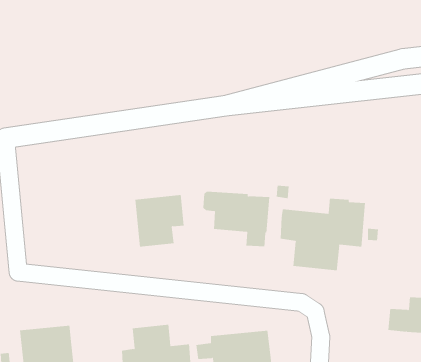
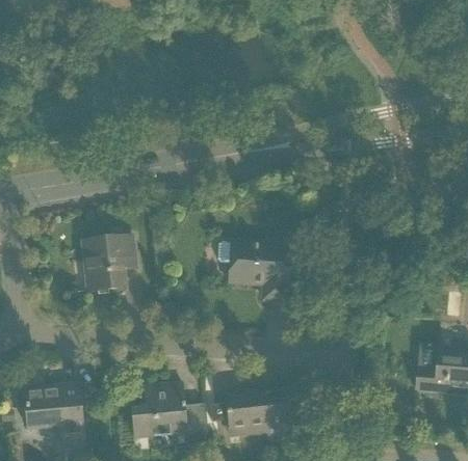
building: [134,194,184,247] -> [82,237,135,293]
building: [280,198,366,271] -> none

